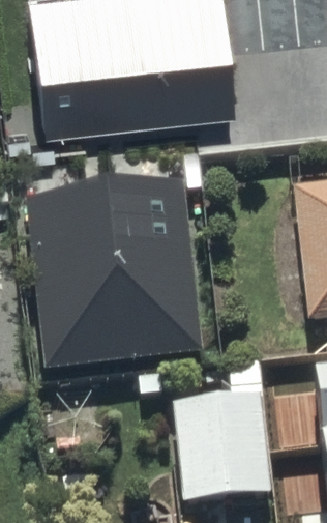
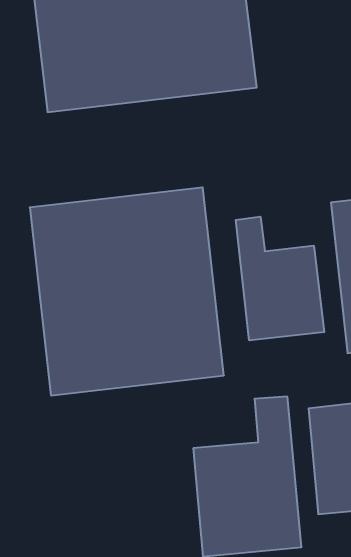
building: none -> [236,217,324,340]

